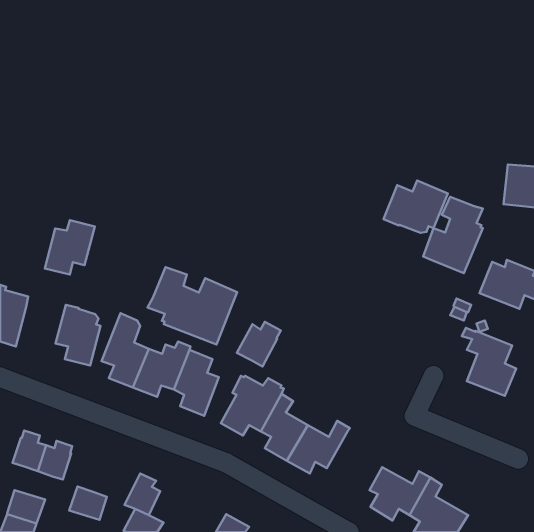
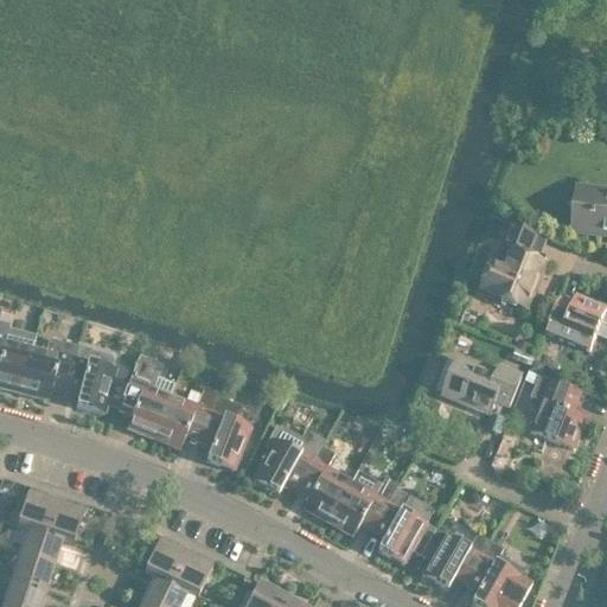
building: [383,181,448,233] -> none
building: [45,220,95,275] -> [19,338,76,400]
building: [147,267,237,345] -> none
building: none -> [442,359,522,413]
building: [237,322,281,366] -> none
building: none -> [371,488,434,564]
building: [69,486,107,520] -> [18,528,60,566]
building: none -> [170,552,212,596]

